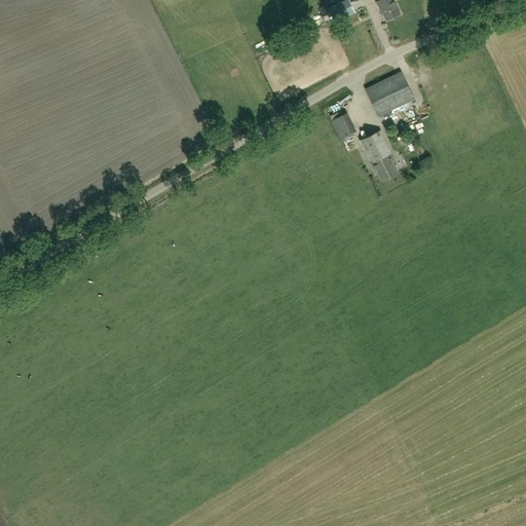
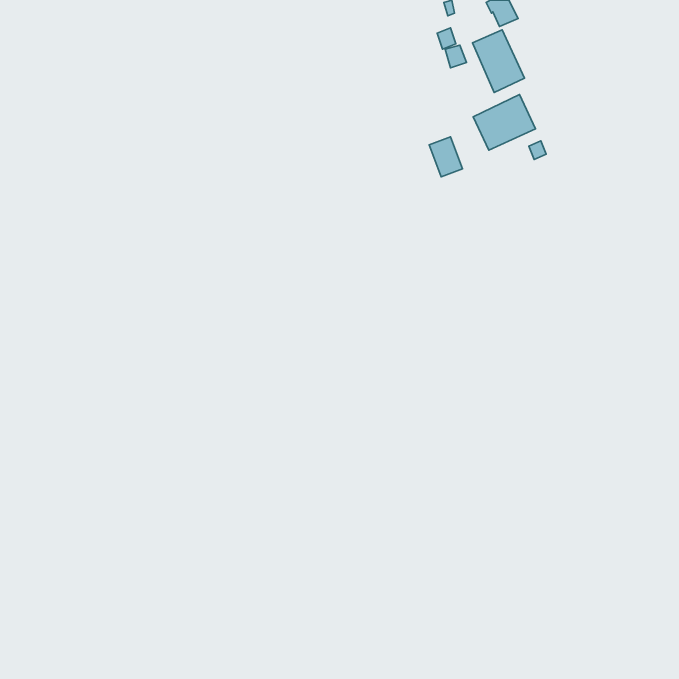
building: none -> [472,30,525,92]
building: [360,130,399,181] -> none

